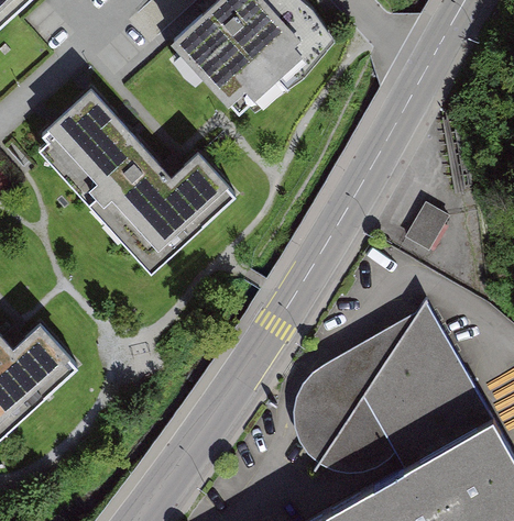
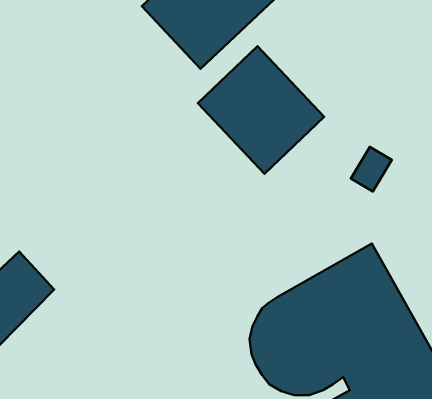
building: none -> [198,46,324,174]
building: [36,90,234,274] -> none

